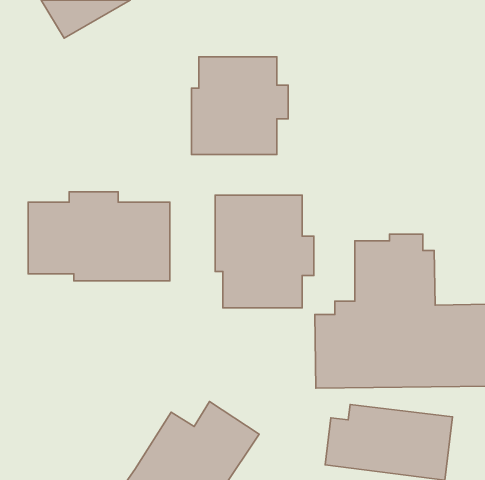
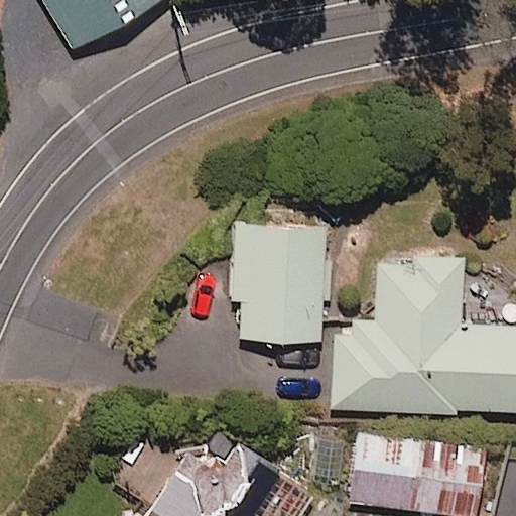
building: [191,57,288,154] -> none
building: [28,192,170,281] -> none

